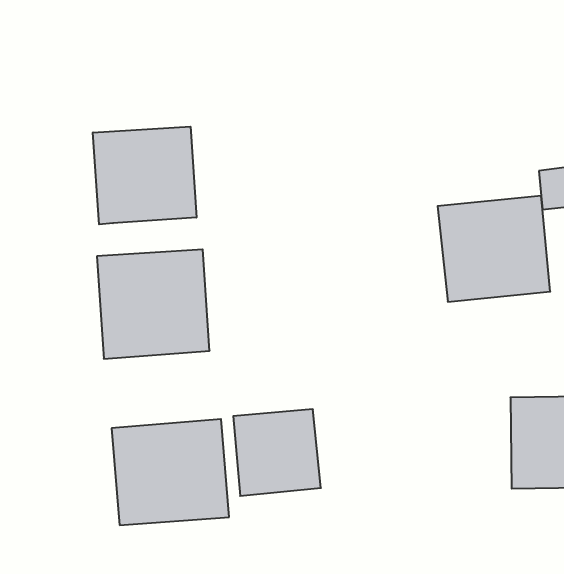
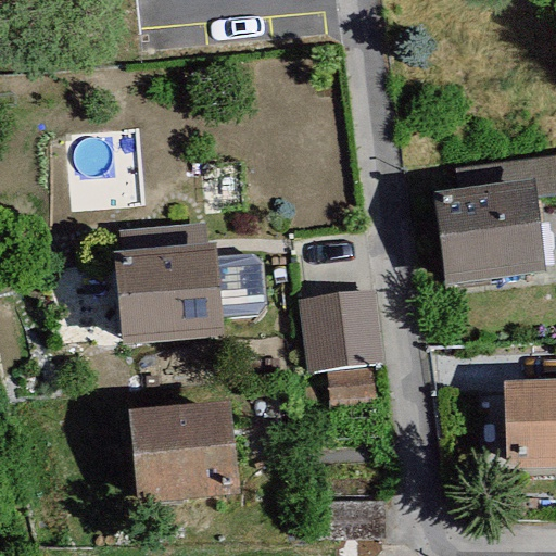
building: [93,127,196,224] -> none
building: [233,409,321,496] -> [305,288,389,370]

